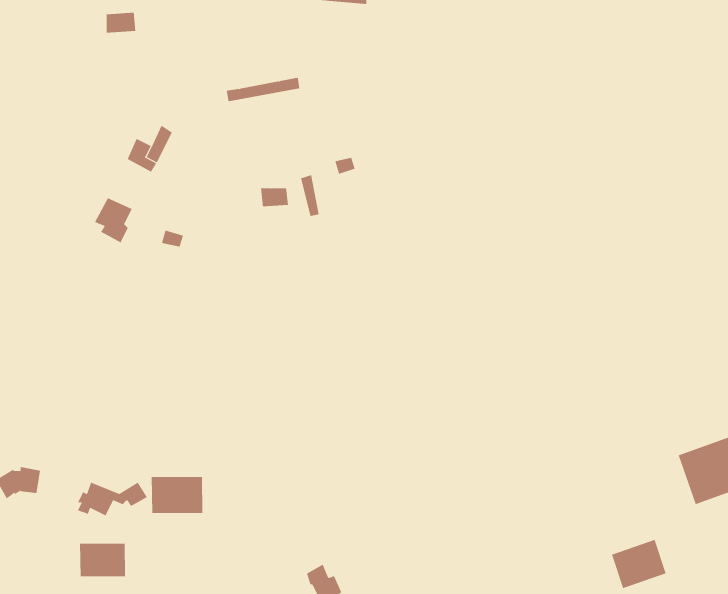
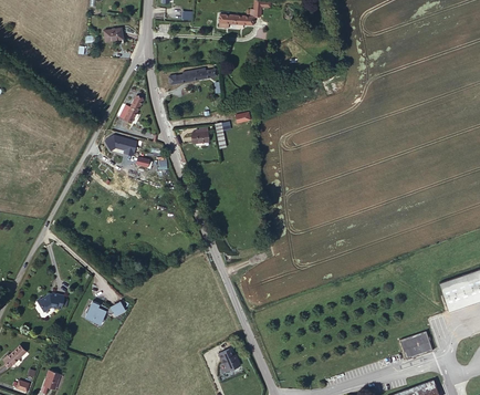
building: [151,476,203,514] -> none
building: [80,543,126,577] -> none

